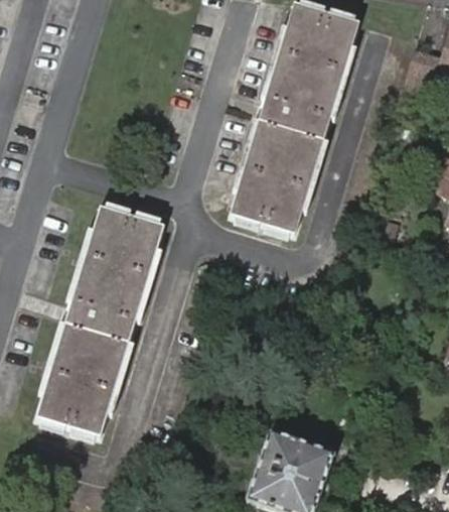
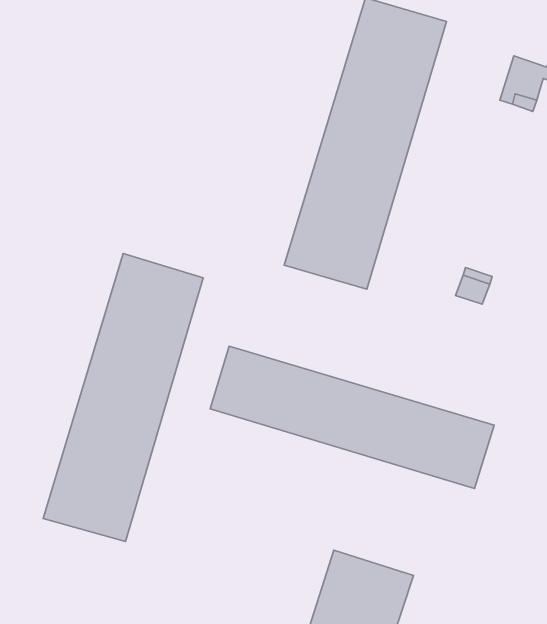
building: none -> [210,346,494,489]

